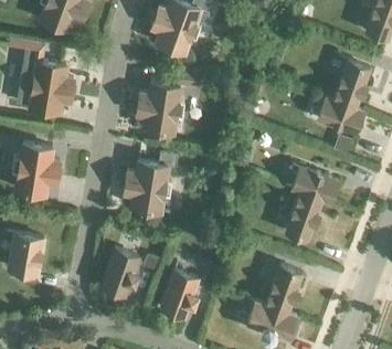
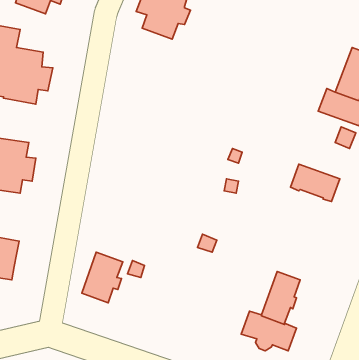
building: [136,67,200,134] -> none
building: [123,152,177,218] -> none
building: [285,191,321,240] -> none
building: [160,271,197,317] -> none

